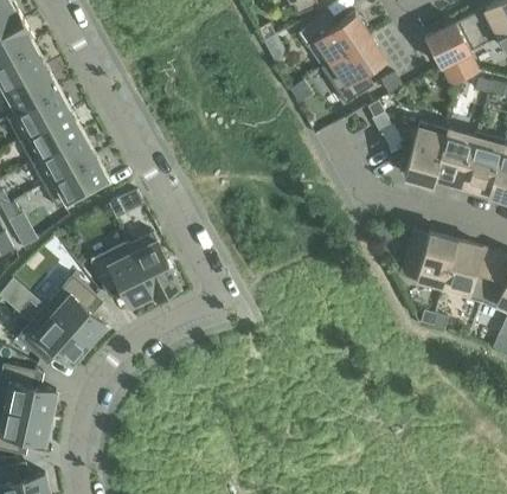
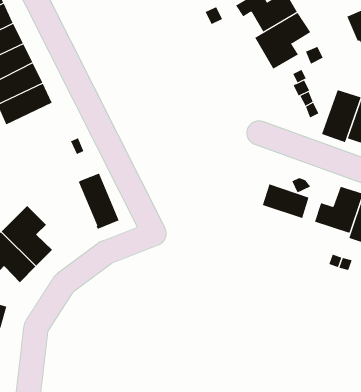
building: [44,156,109,208] -> none
building: none -> [262,184,309,219]
building: [91,243,154,306] -> none

